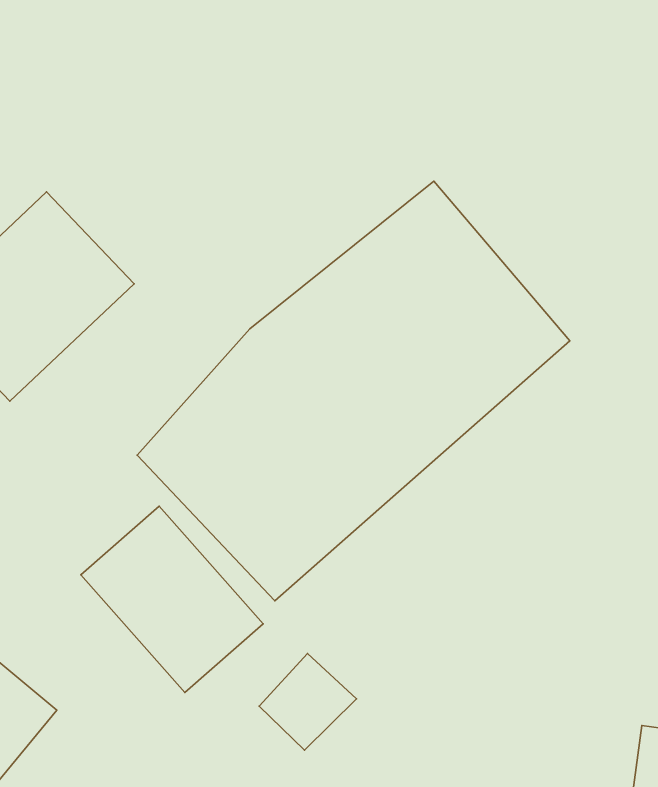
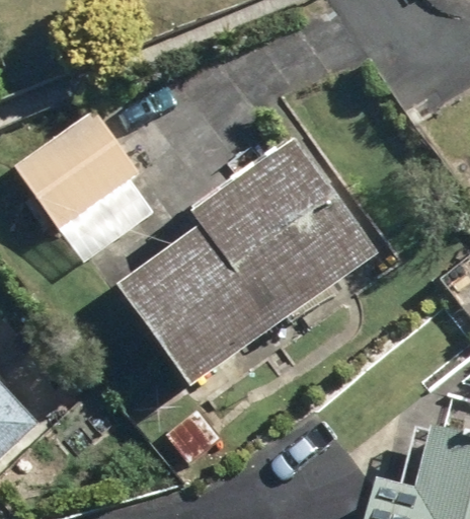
building: [81,506,263,693] -> none

